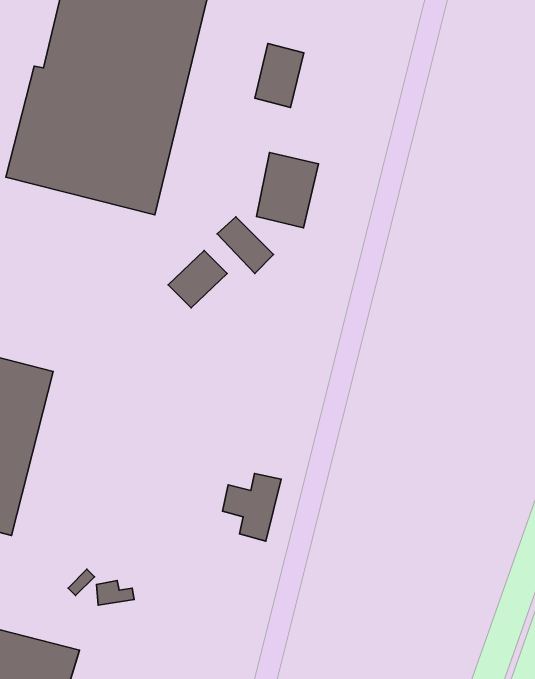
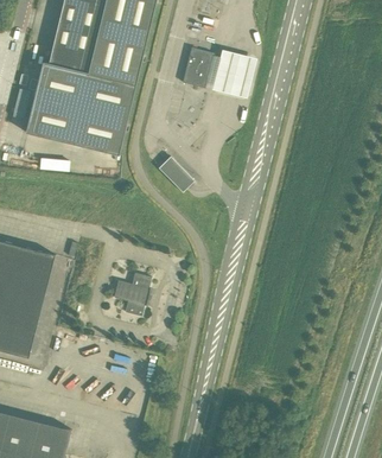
building: [256,152,319,228] -> [216,49,255,96]
building: [168,250,227,308] -> none
building: [223,473,281,541] -> [114,273,151,316]

